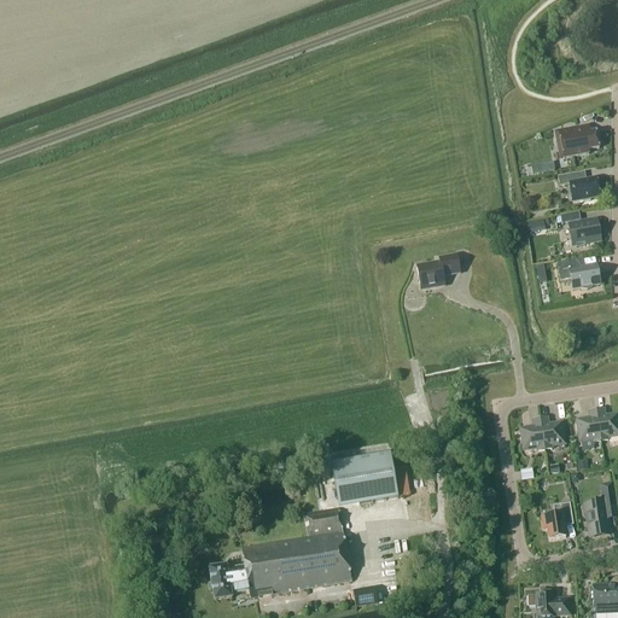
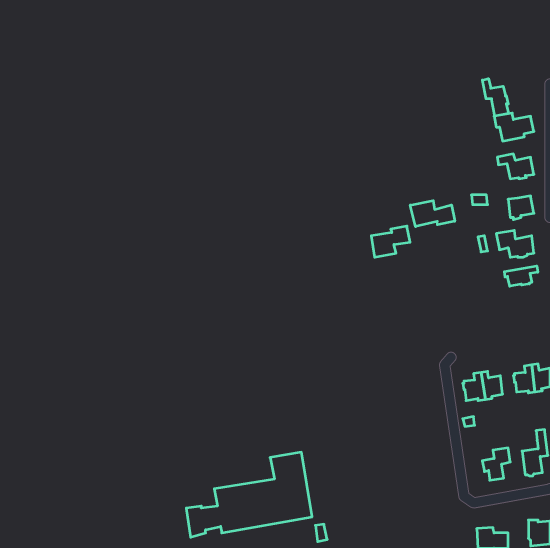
building: none -> [482,79,509,116]
building: none -> [410,201,455,227]
building: none -> [504,266,538,286]
building: [331,451,398,503] -> none

